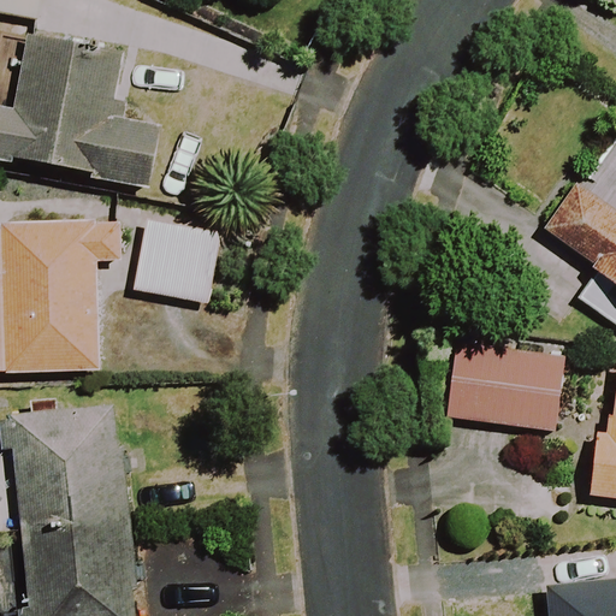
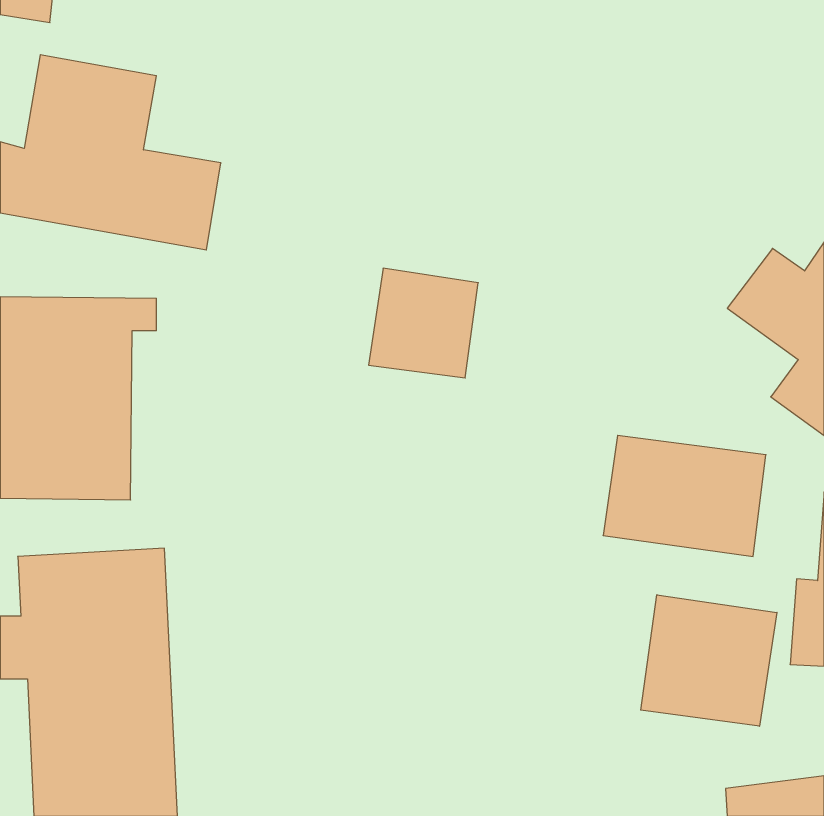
building: [135,220,217,302] -> [369,268,478,378]
building: none -> [641,595,777,726]

